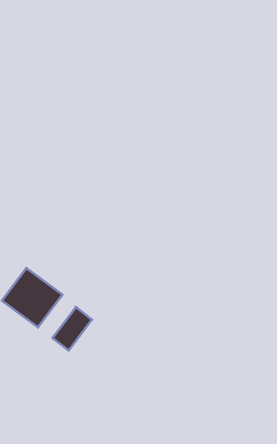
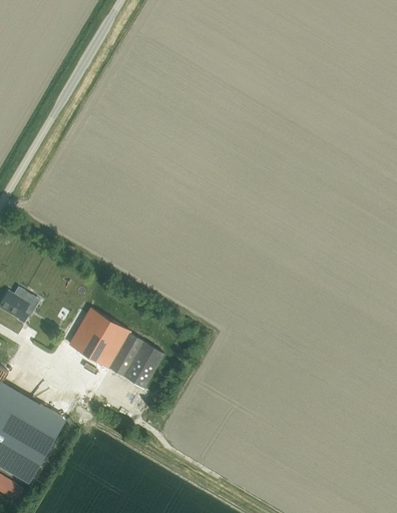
building: none -> [110,334,146,377]

